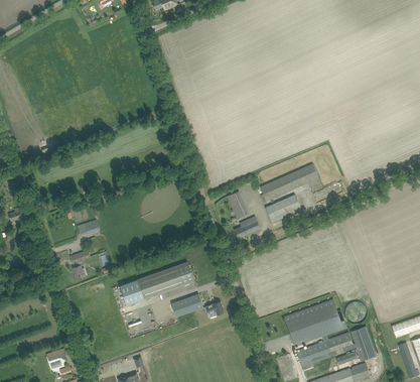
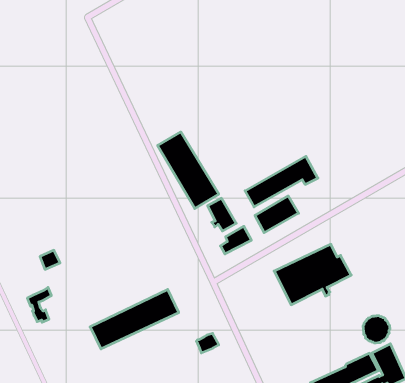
building: none -> [158,132,219,209]
building: [171,293,202,316] -> none
building: [283,299,346,346] -> [274,244,351,305]

